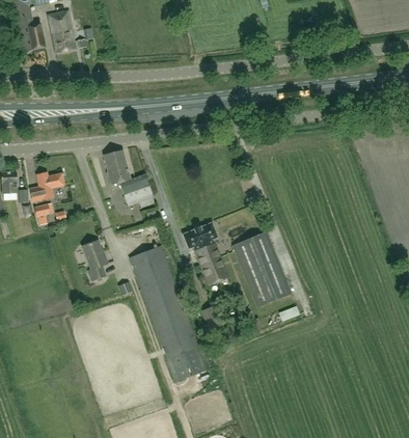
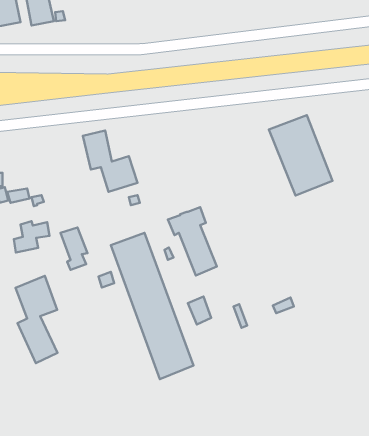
building: [31,172,64,201] -> [14,221,49,252]
building: [233,232,292,307] -> [269,115,332,195]
building: none -> [15,276,57,363]

